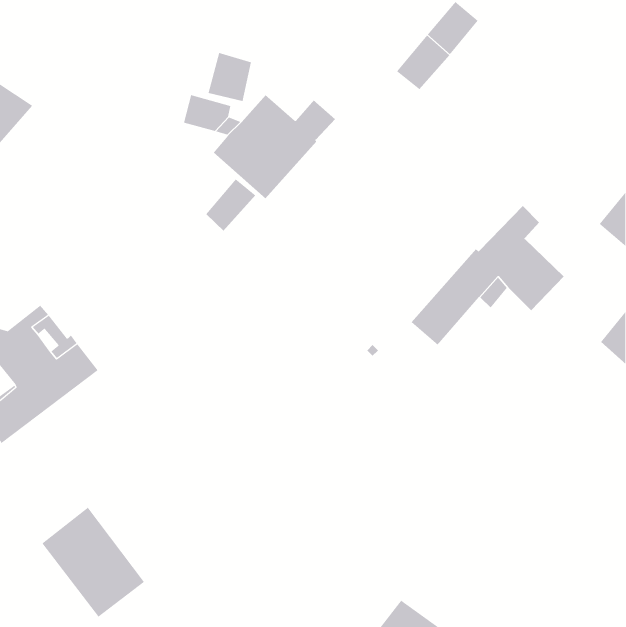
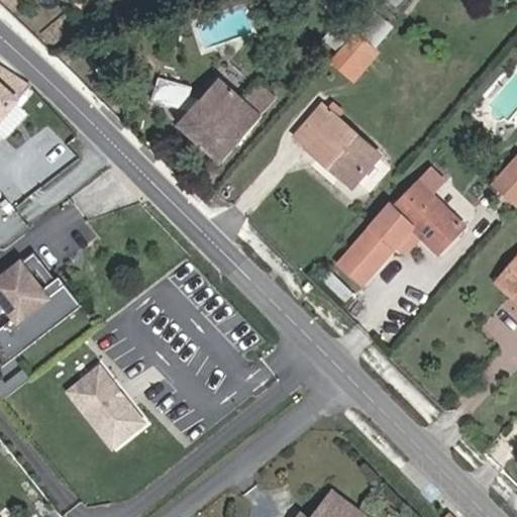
building: [208,52,252,102] -> none
building: none -> [294,107,376,187]
building: [206,179,256,231] -> none
building: [41,507,145,617] -> [67,360,151,451]

